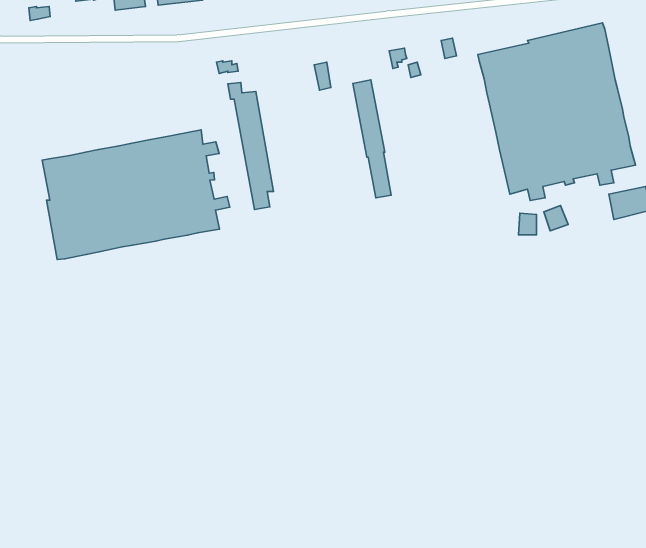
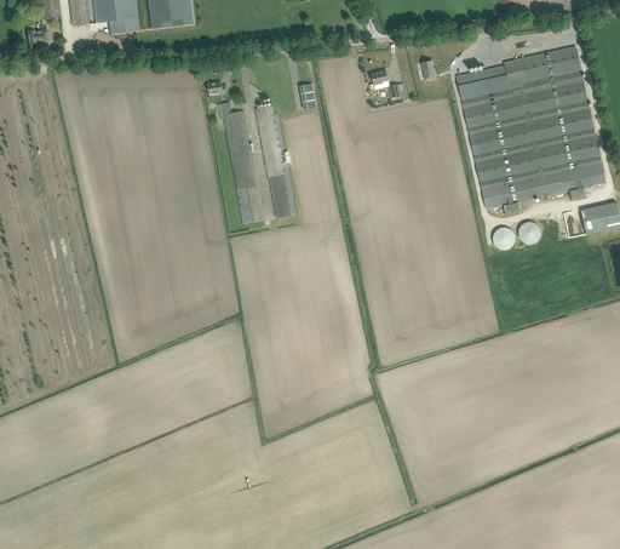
building: [353,80,391,198] -> [256,104,292,217]
building: [42,130,230,259] -> none

